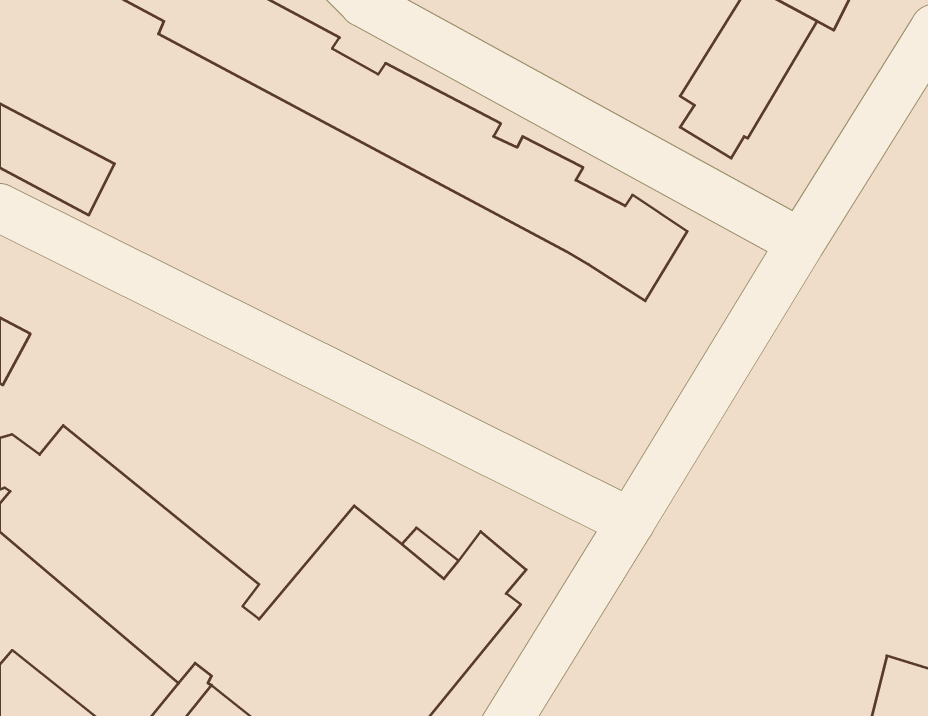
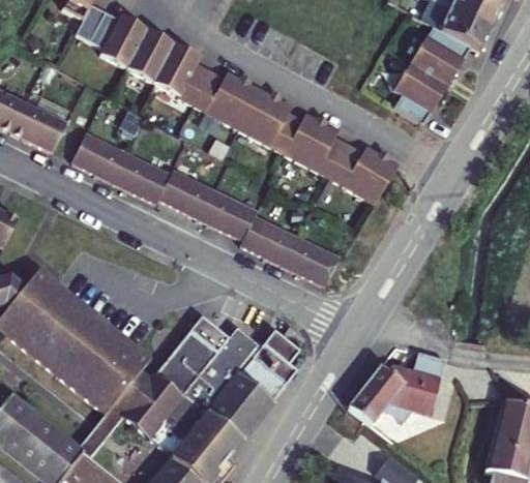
building: none -> [70,131,337,288]
building: none -> [352,357,447,428]

